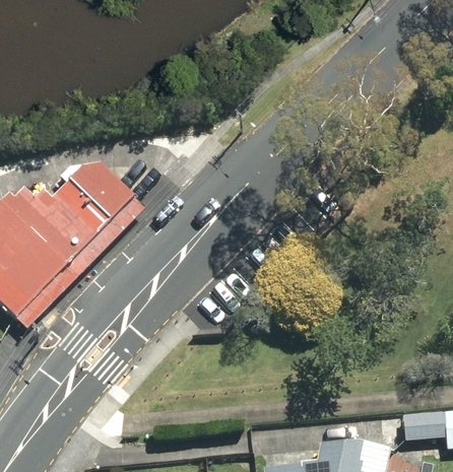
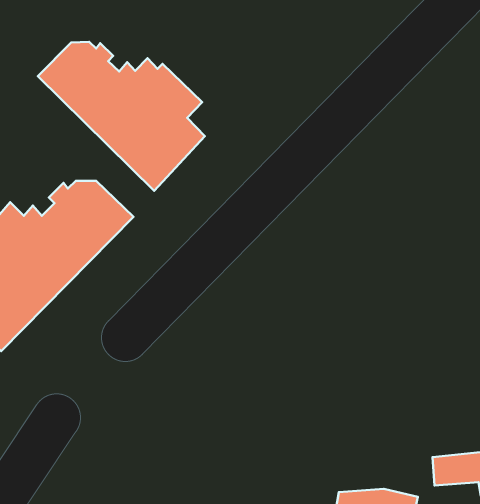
building: none -> [38,42,205,191]

